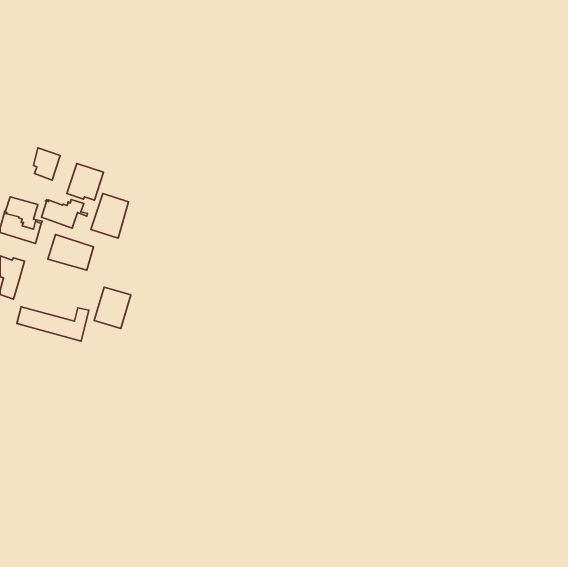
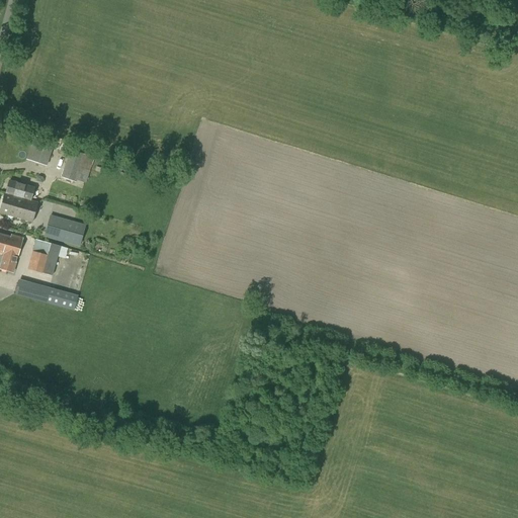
building: [91,193,129,238] -> none
building: [42,200,87,228] -> none
building: [94,287,131,328] -> [27,238,61,275]

